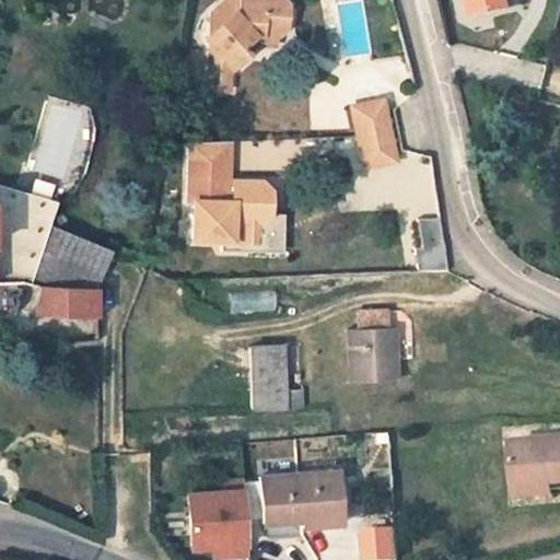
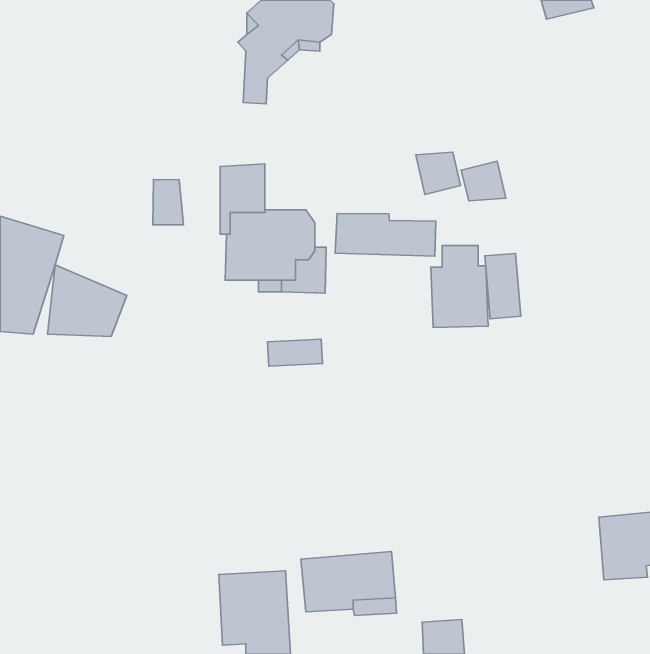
building: [352,98,390,132] -> [461,161,506,201]
building: none -> [153,180,183,225]
building: none -> [335,213,436,256]
building: [36,285,98,316] -> none
building: [350,310,399,380] -> [431,246,488,327]
building: [253,345,305,407] -> none

